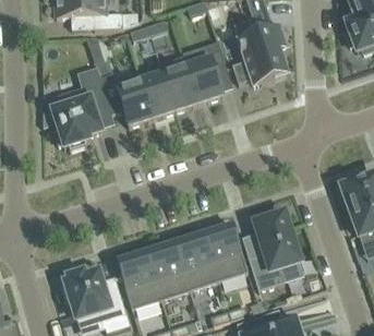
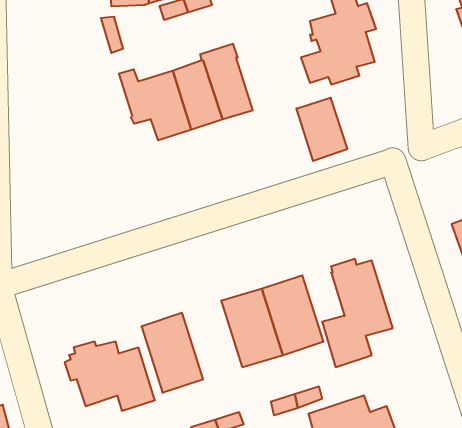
building: [185,58,222,104] -> [296,98,347,161]
building: [51,68,110,149] -> none
building: [146,242,190,299] -> none

